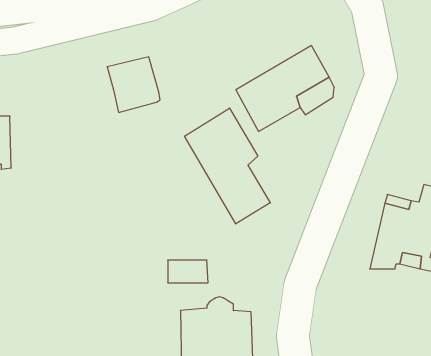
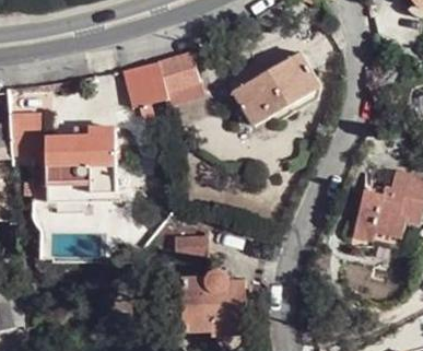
building: none -> [157,50,200,91]
building: [185,108,270,224] -> none
building: none -> [45,125,116,200]

